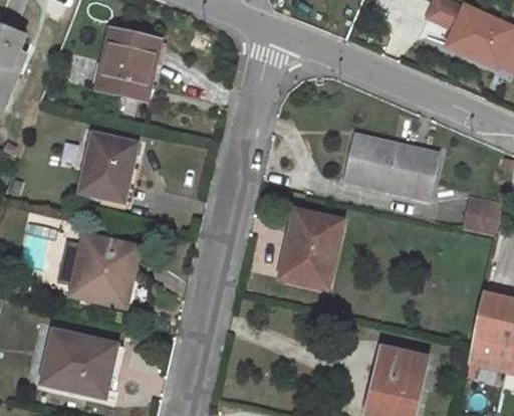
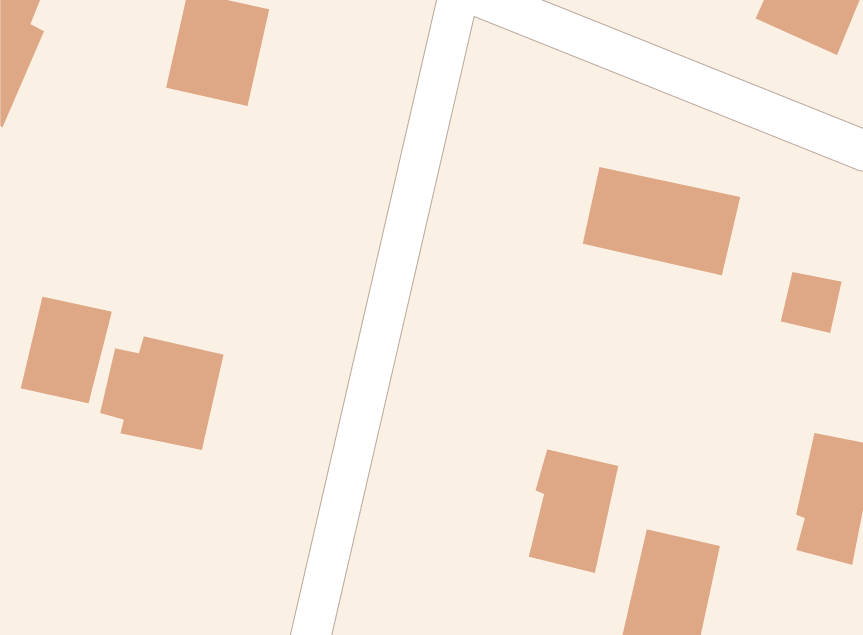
building: [82,135,138,199] -> [20,296,113,404]
building: [286,213,340,287] -> [528,449,619,574]
building: [43,331,111,395] -> none

